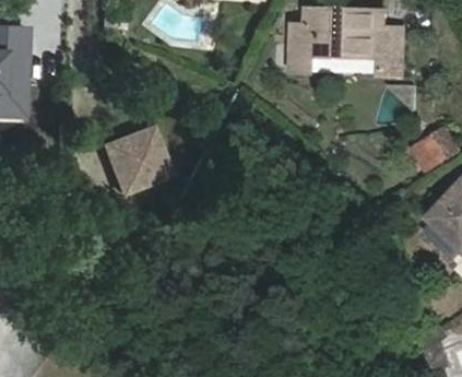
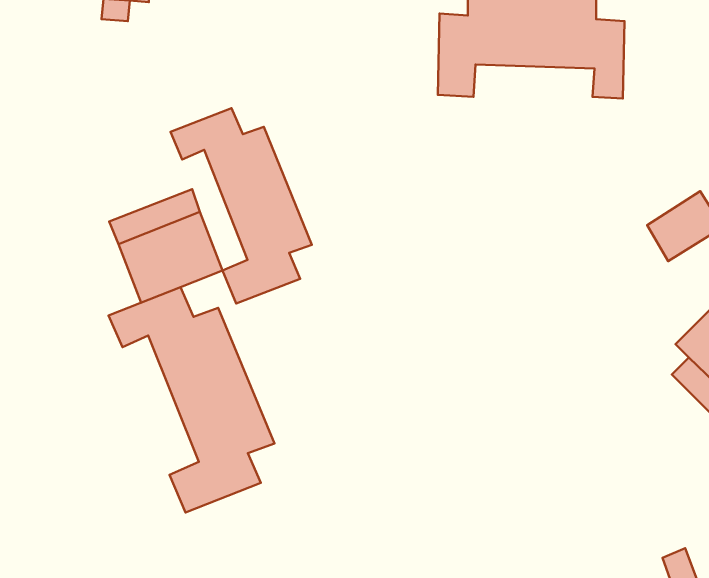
building: none -> [170,108,312,303]
building: none -> [109,287,274,512]

